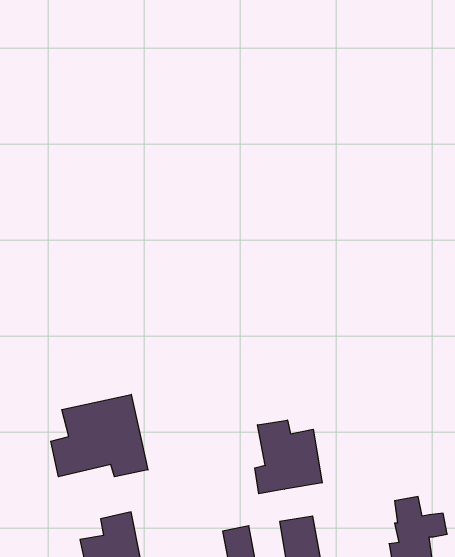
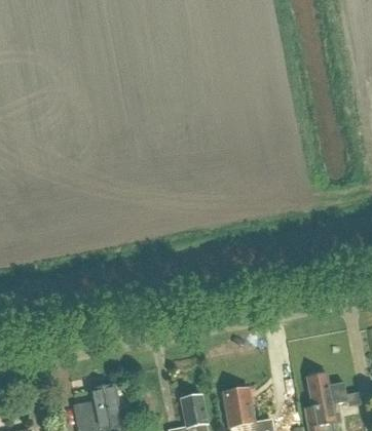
building: [51,394,148,477] -> none
building: [255,420,322,494] -> none

